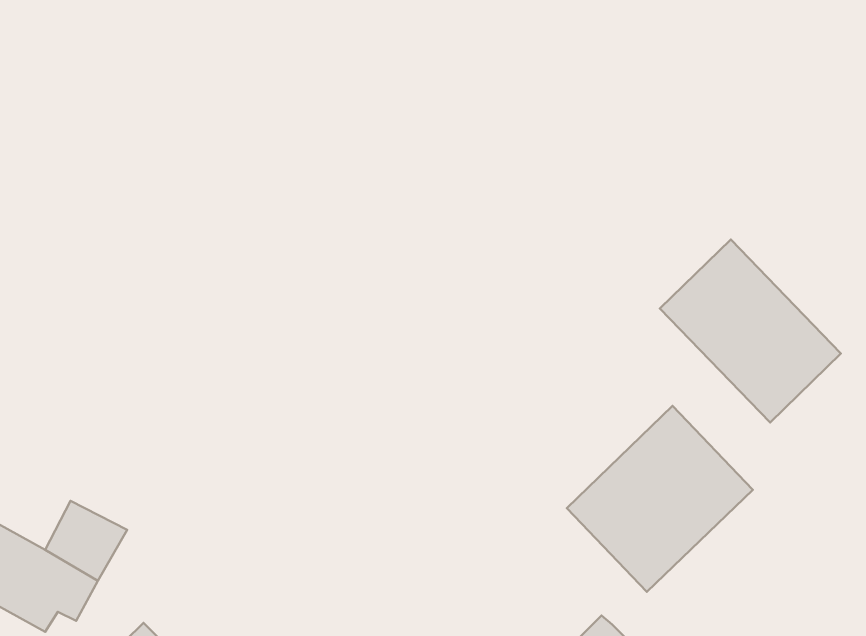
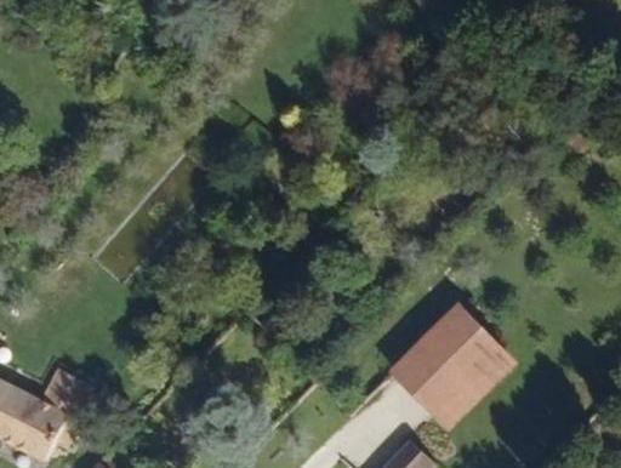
building: [660,240,841,423] -> none

